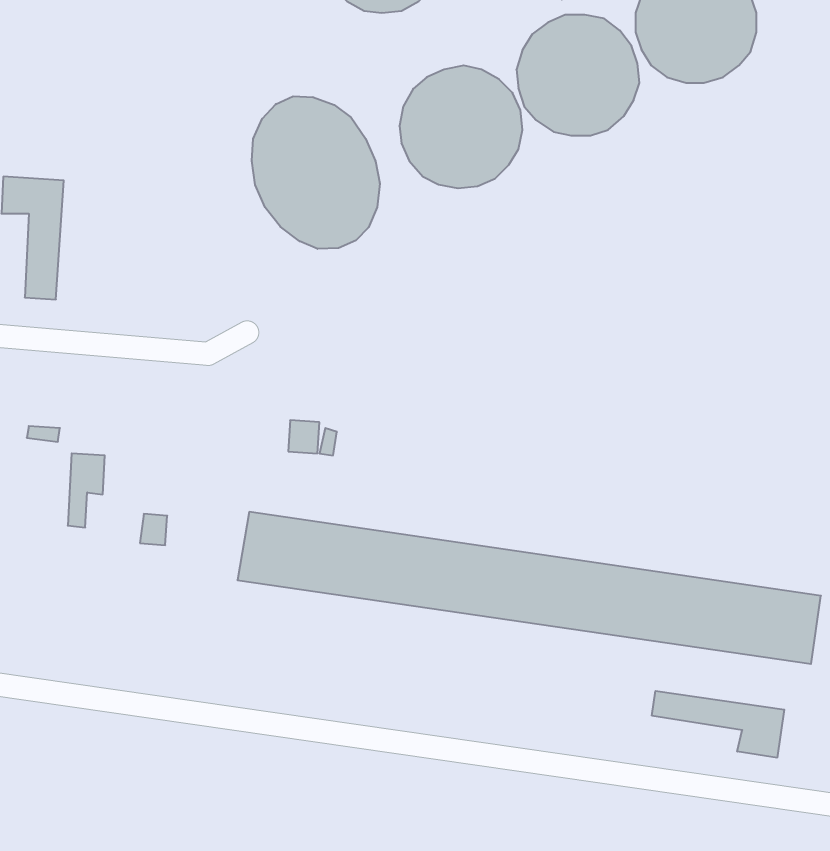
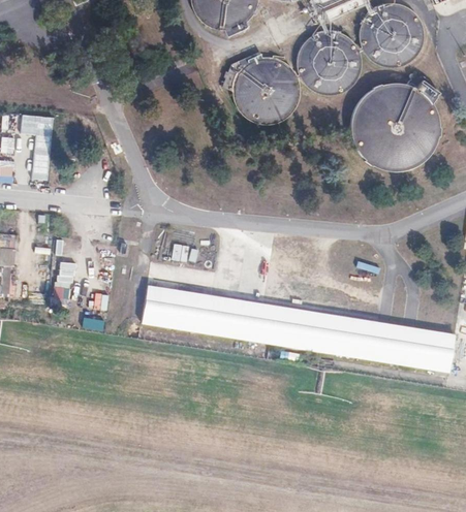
building: [252,96,380,249] -> none
building: none -> [343,71,434,171]
building: [652,691,784,758] -> none

